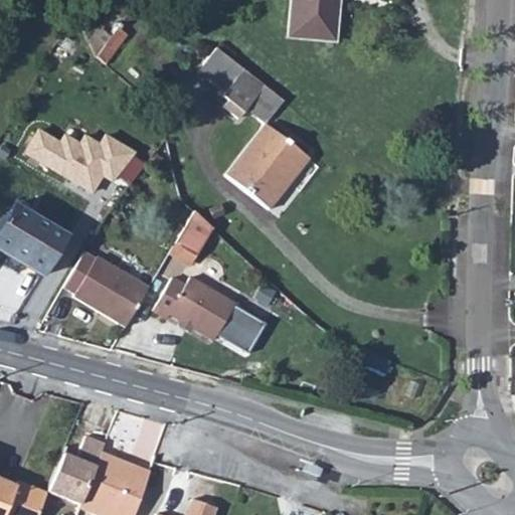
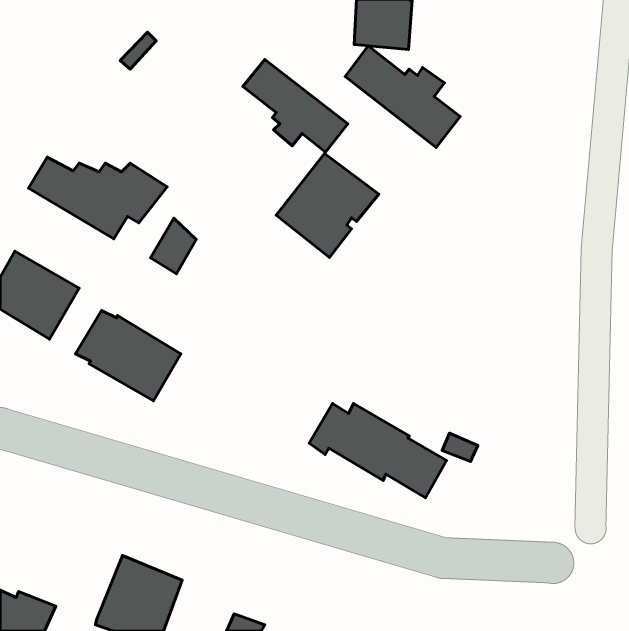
building: none -> [345,46,460,148]
building: [177,211,214,256] -> [150,218,196,274]
building: [155,278,267,354] -> [309,404,446,498]
building: [49,436,106,504] -> none

